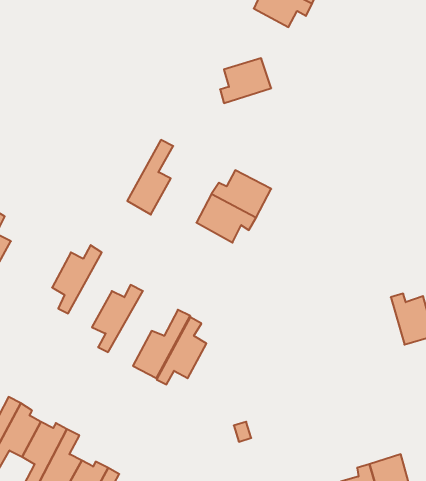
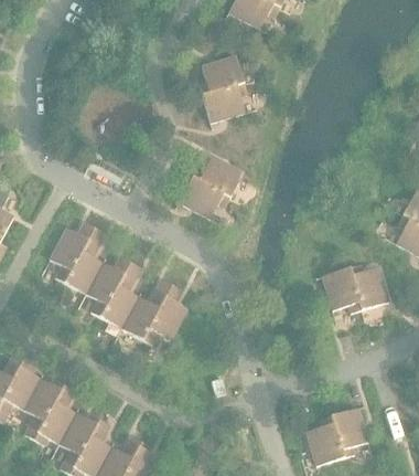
building: none -> [202,82,247,123]
building: [127,140,173,215] -> [64,228,105,294]
building: none -> [99,262,140,328]
building: none -> [322,267,362,313]

